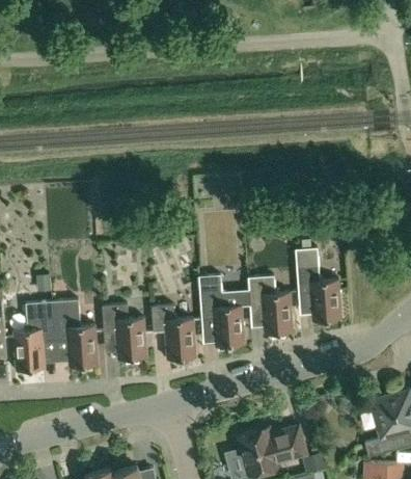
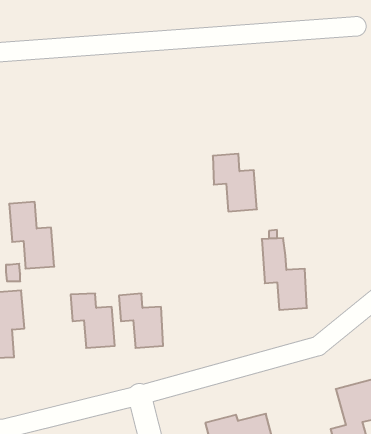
building: [199,270,245,350] -> none
building: [249,275,294,334] -> [213,154,257,211]
building: [53,299,99,367] -> [9,202,54,269]

